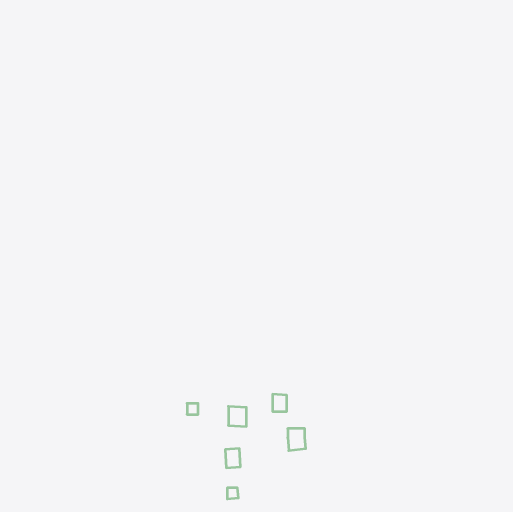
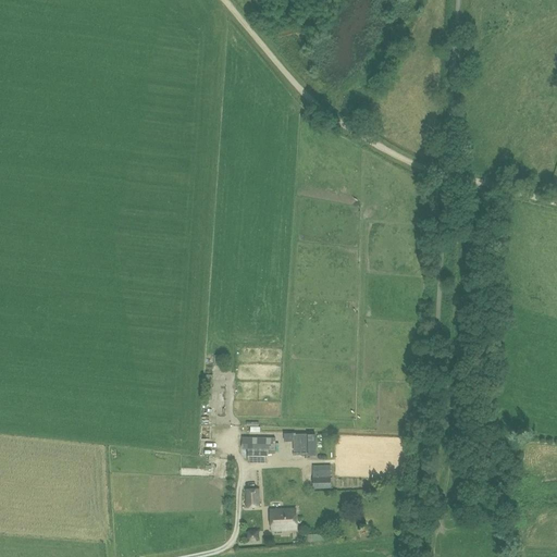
building: none -> [270,508,296,529]

